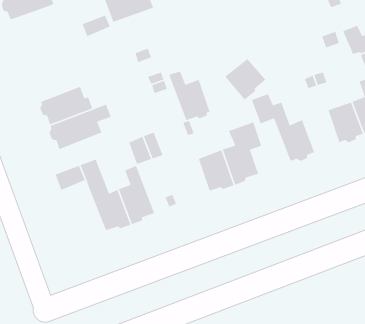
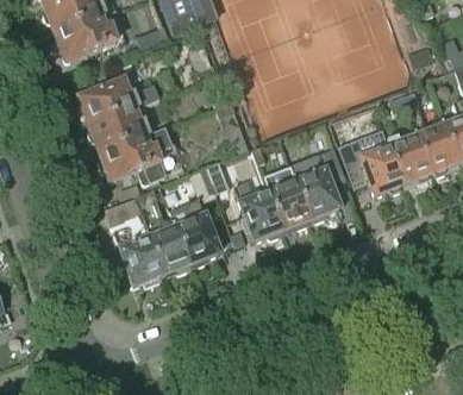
building: none -> [52,15,115,61]
building: [224,58,266,101] -> none
building: none -> [76,79,158,125]
building: [168,70,211,121] -> [233,181,282,239]
building: none -> [389,134,431,183]
building: none -> [114,227,163,286]

